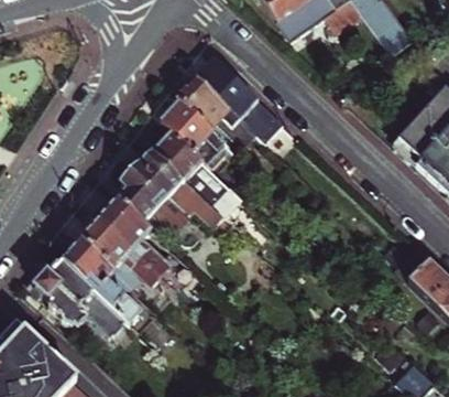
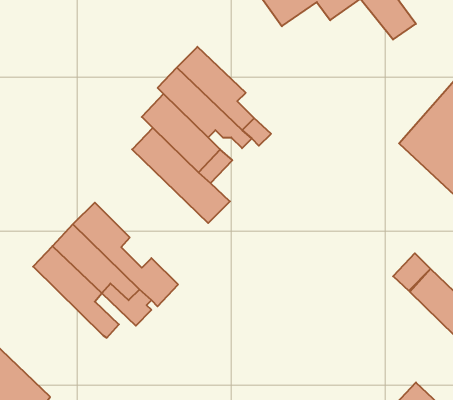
building: [119,150,222,235] -> none
building: [41,257,127,341] -> none

